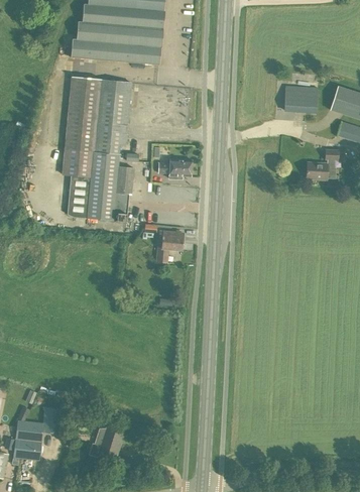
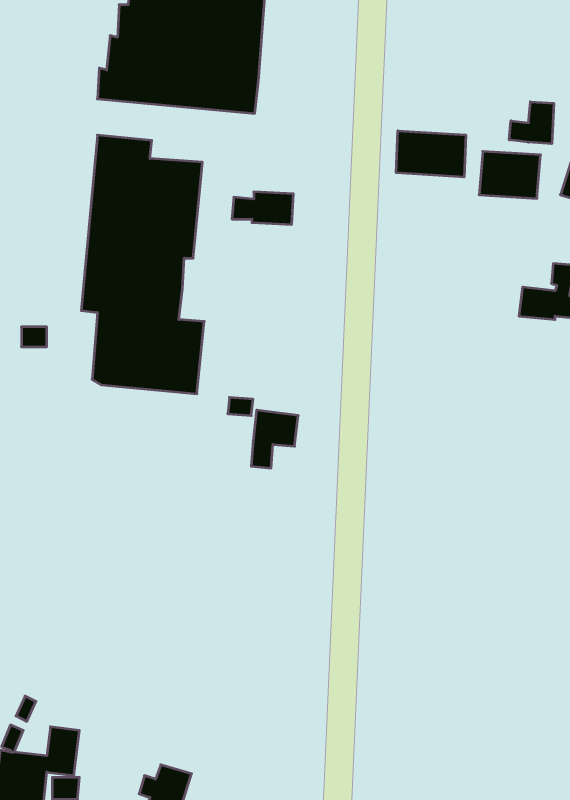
building: none -> [509,102,554,144]
building: none -> [396,131,466,177]
building: [157,158,192,176] -> [232,192,293,224]

